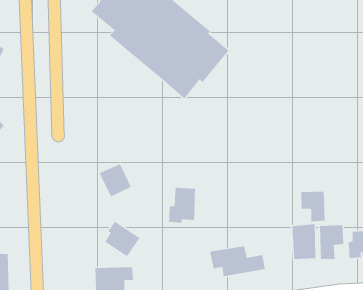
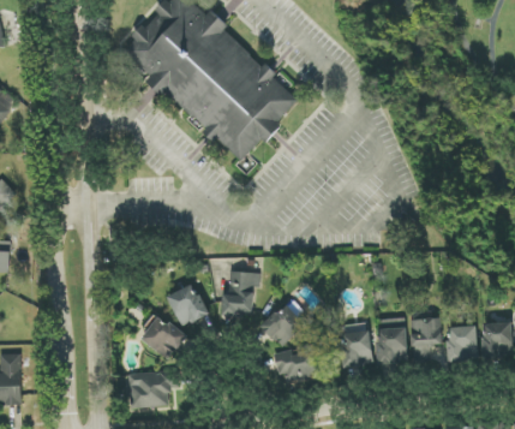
building: [99,163,132,198] -> [166,282,208,326]
building: [301,191,326,222] -> none
building: none -> [261,297,305,347]
building: none -> [342,329,371,365]

